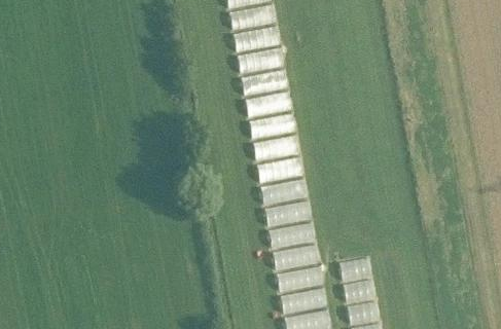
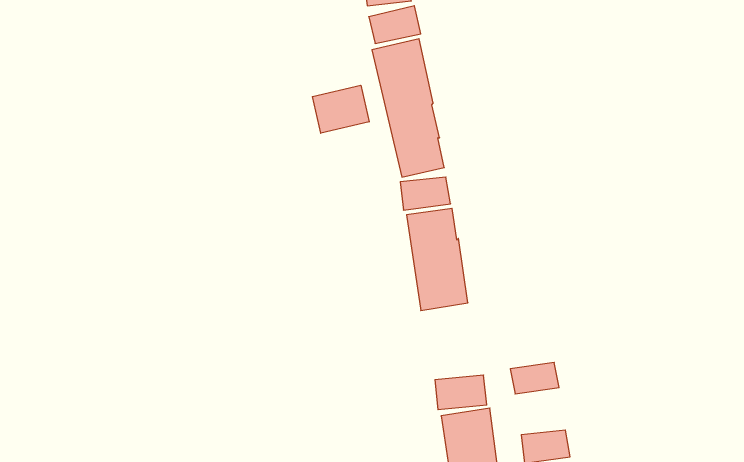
building: none -> [312,85,369,133]
building: [278,222,318,269] -> none
building: [339,281,370,301] -> none

